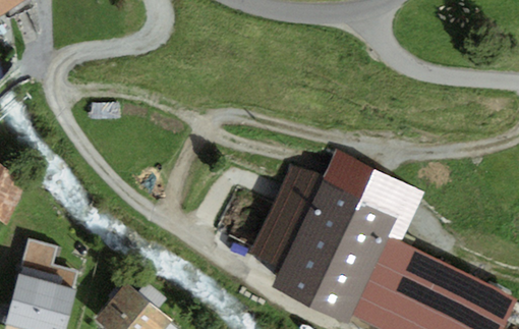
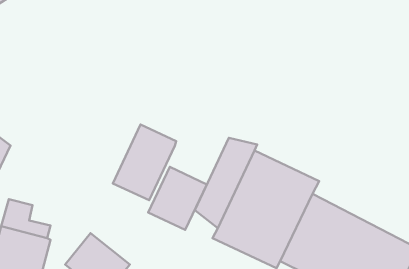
building: [320,150,424,240] -> none
building: none -> [113,125,176,200]
building: none -> [148,167,207,230]

